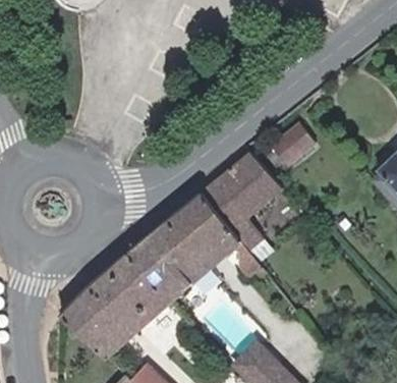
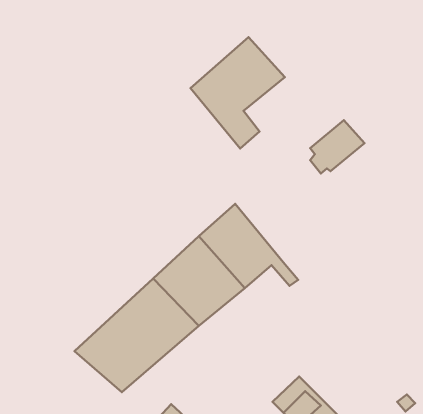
building: [203,153,282,247] -> [191,37,285,148]

